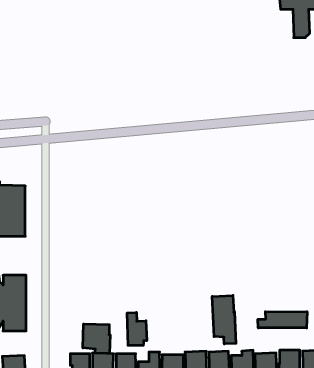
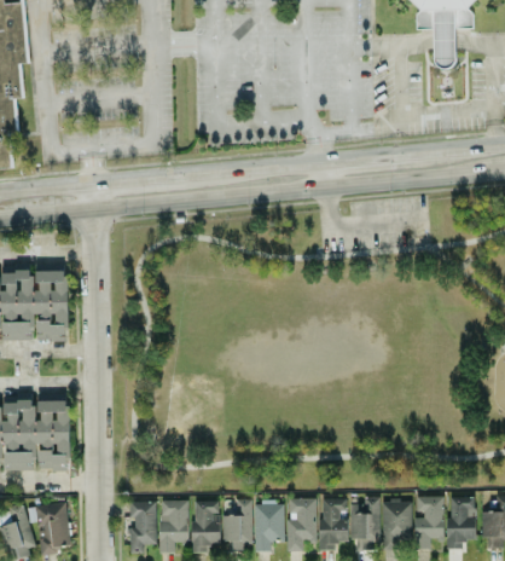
building: [212,295,236,344] -> none
building: [258,312,307,328] -> none
building: [127,312,147,345] -> none
building: [83,324,110,353] -> none

